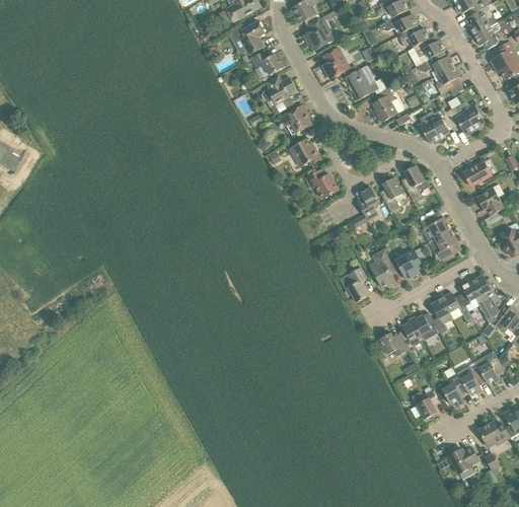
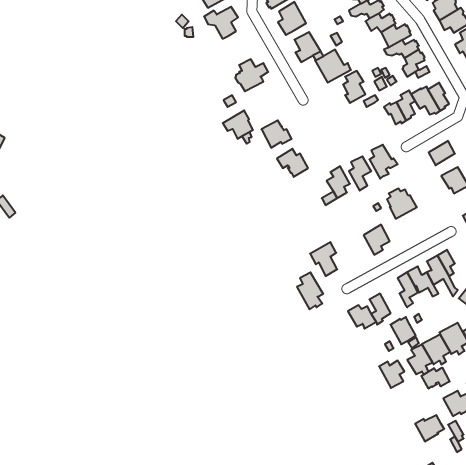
building: [250,50,284,74] -> none
building: [280,103,311,133] -> [223,110,253,139]
building: [429,229,458,260] -> none
building: [369,248,396,287] -> [297,272,323,309]
building: [413,311,439,340] -> [390,317,416,344]
building: none -> [421,368,450,389]

